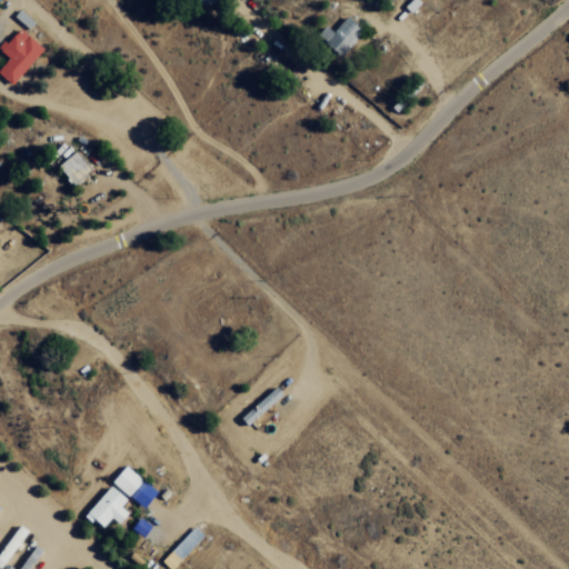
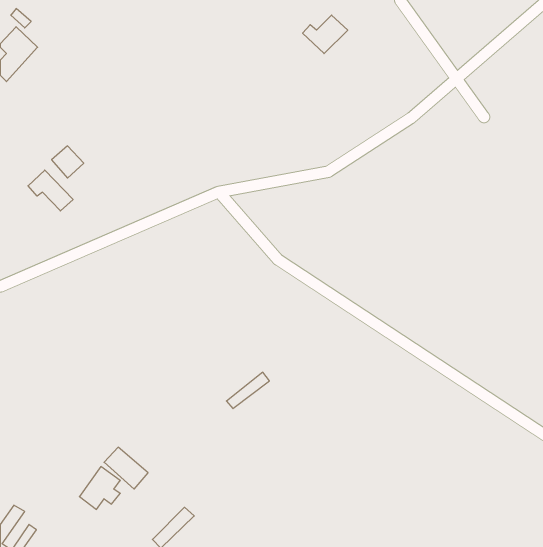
building: none -> [28,170,73,211]

